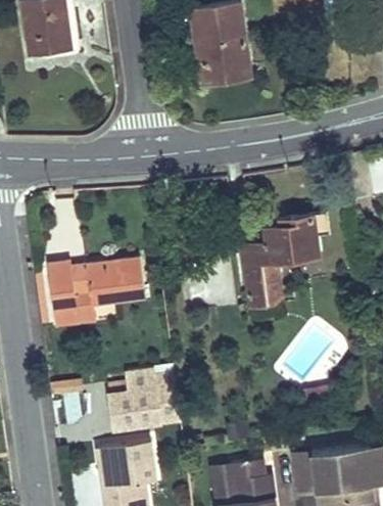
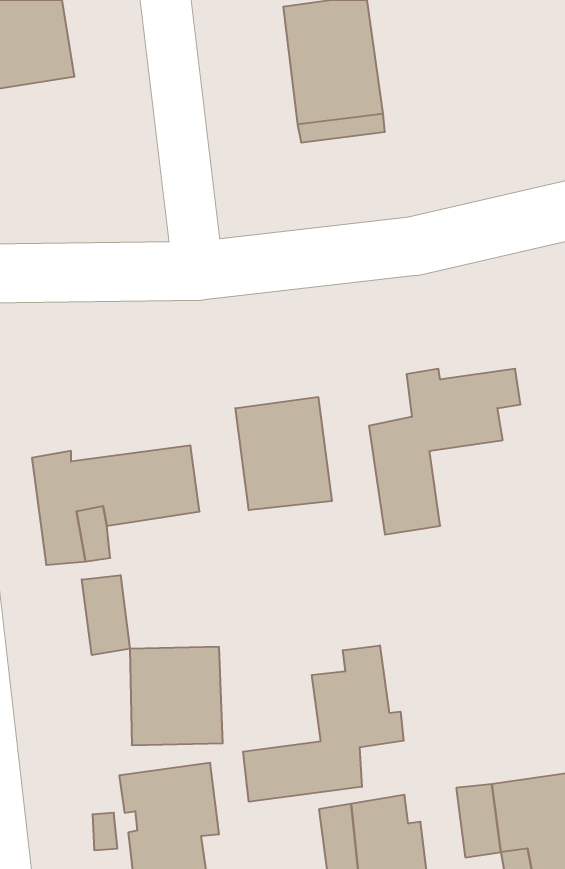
building: none -> [235,397,332,510]
building: none -> [82,575,130,655]
building: none -> [243,645,404,802]

